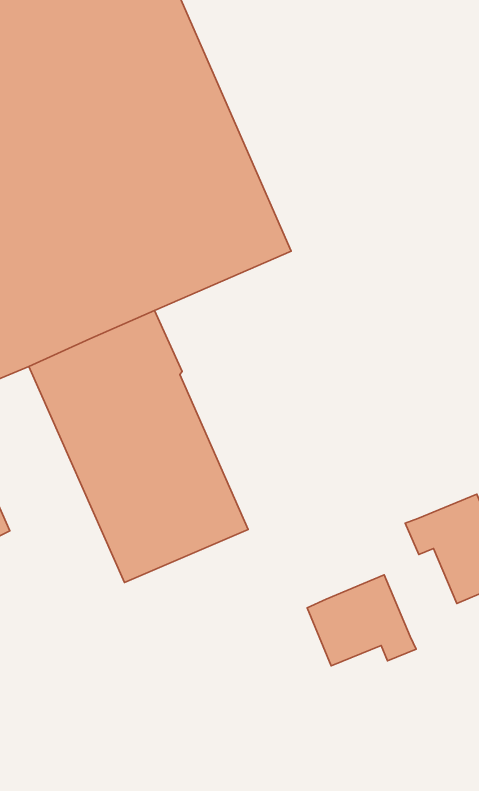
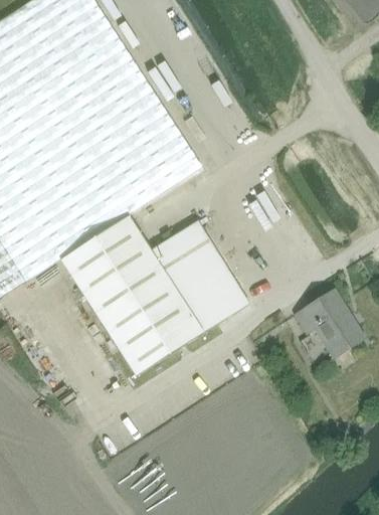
building: none -> [150,217,252,333]
building: [307,575,416,666] -> none

